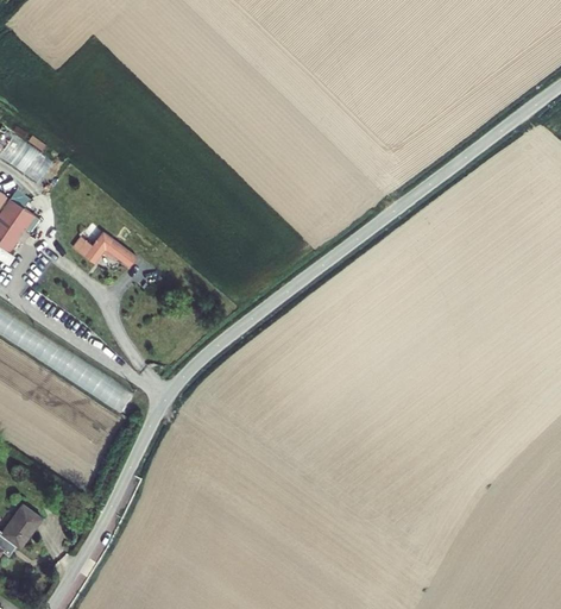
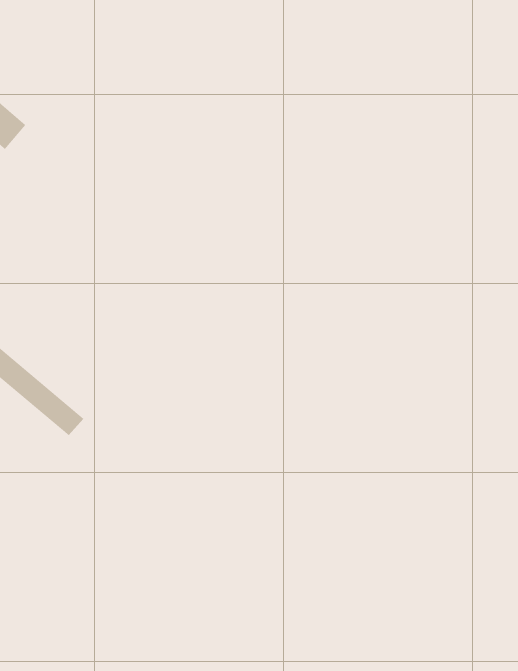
building: [67,230,134,268] -> none

